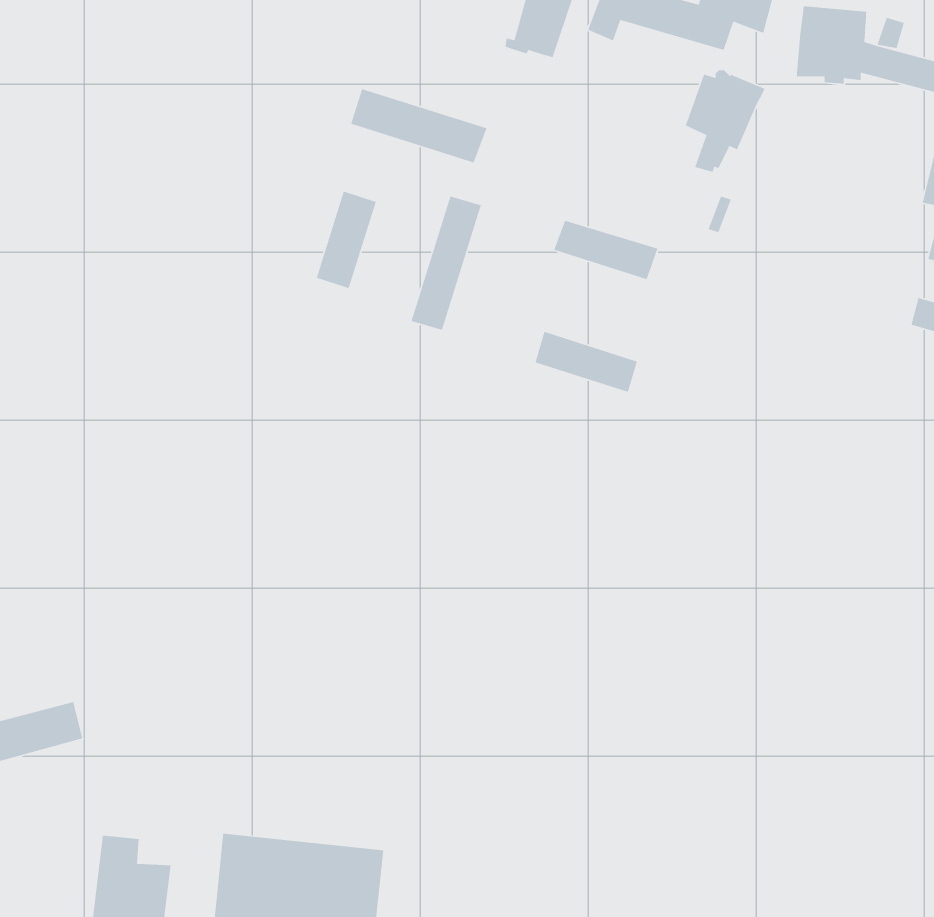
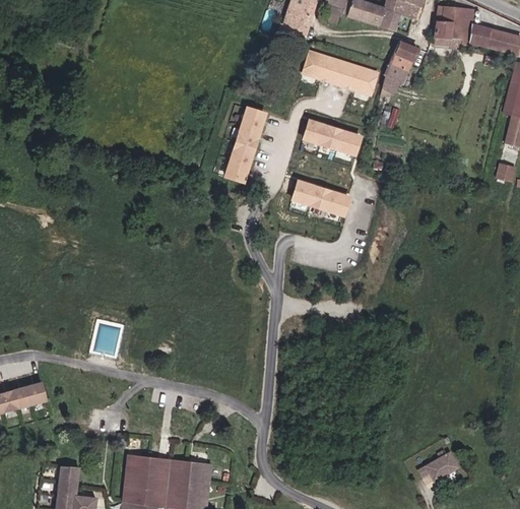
building: [350,88,487,164] -> [304,54,378,94]
building: [316,190,377,289] -> none
building: none -> [418,449,457,480]

